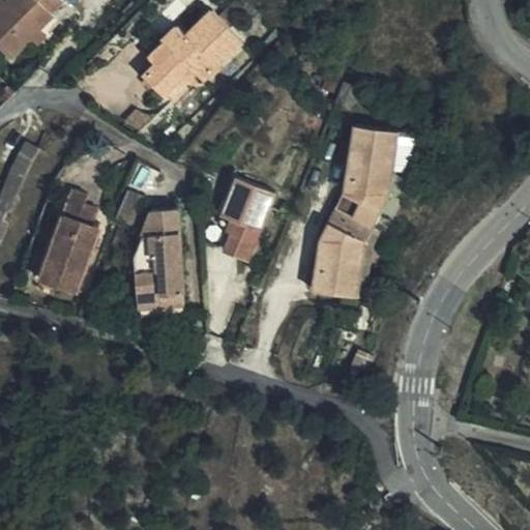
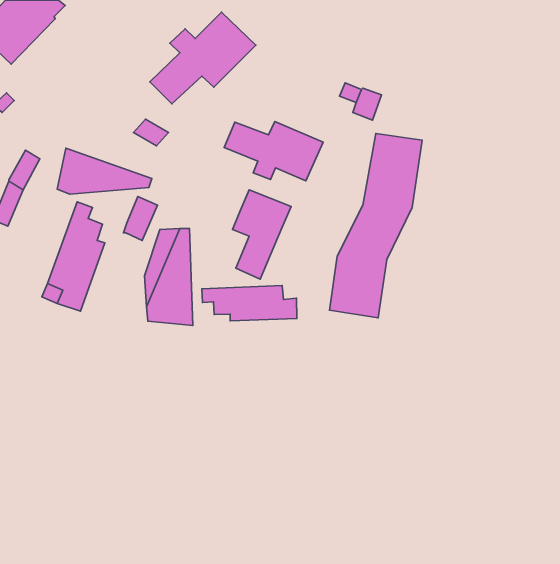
building: none -> [224,122,323,181]
building: none -> [57,148,152,194]
building: none -> [202,285,297,321]

